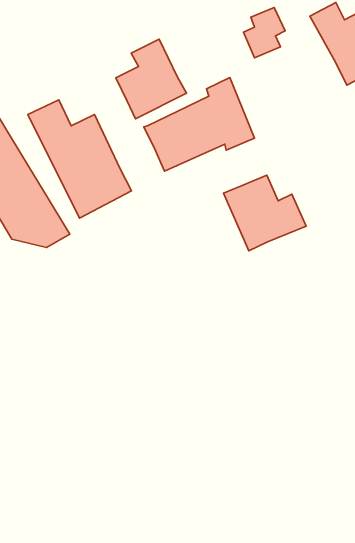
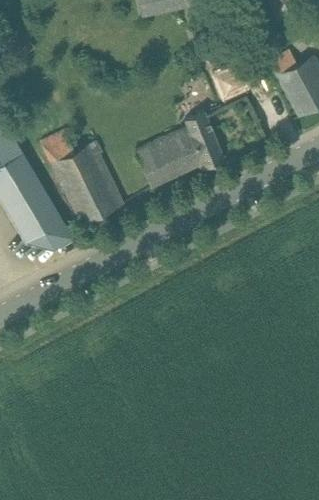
building: [116,39,186,119] -> none
building: [224,175,306,251] -> none

